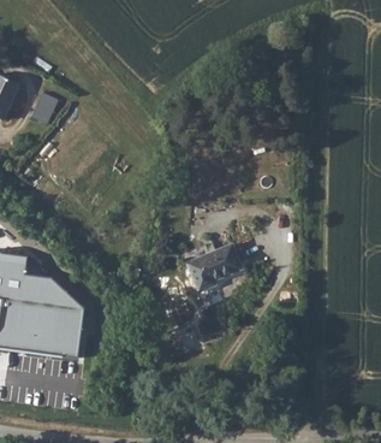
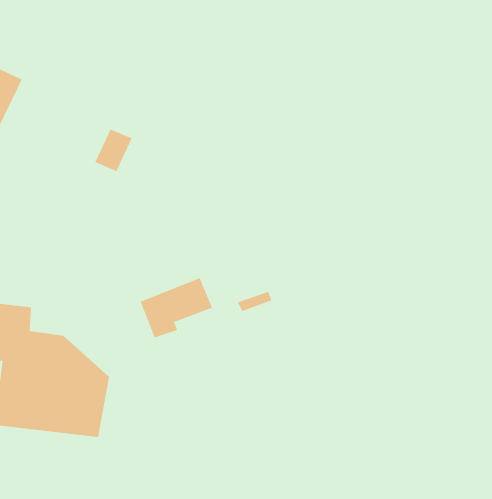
building: [32,90,61,123] -> [94,129,133,172]
building: [190,248,245,294] -> [140,278,213,338]

